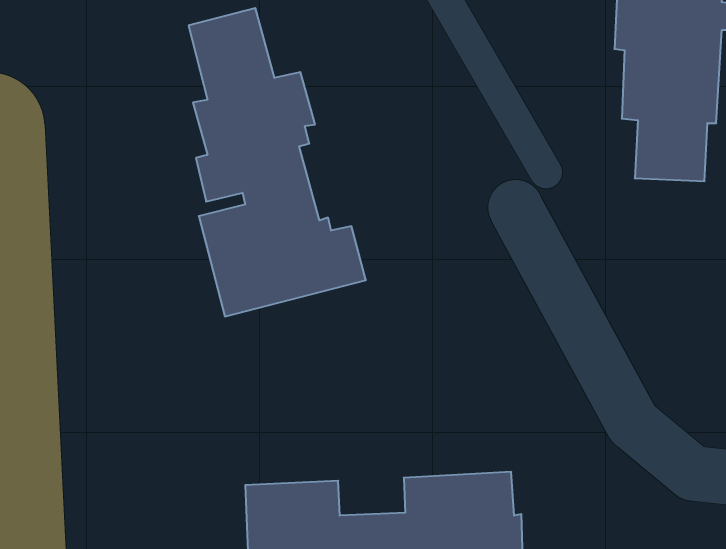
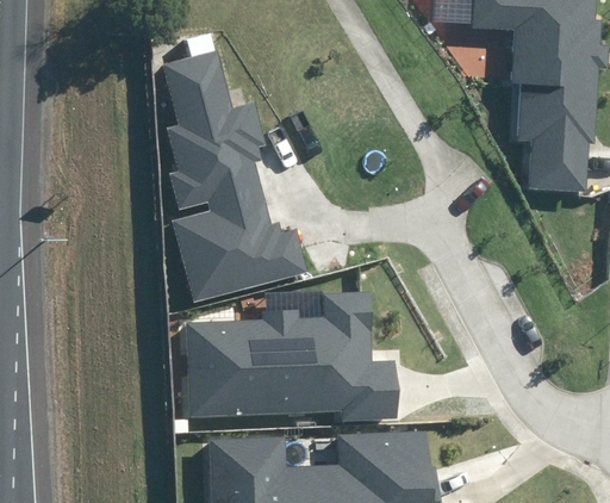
building: none -> [185,293,394,420]

